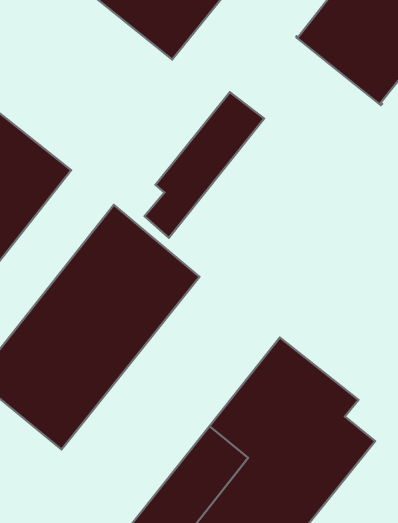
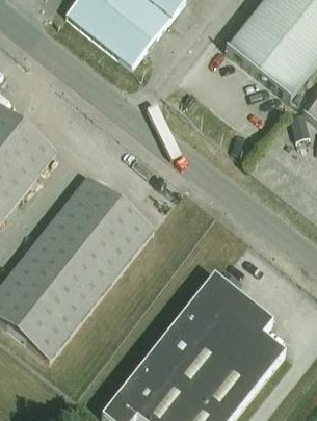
building: [145,92,264,238] -> none

